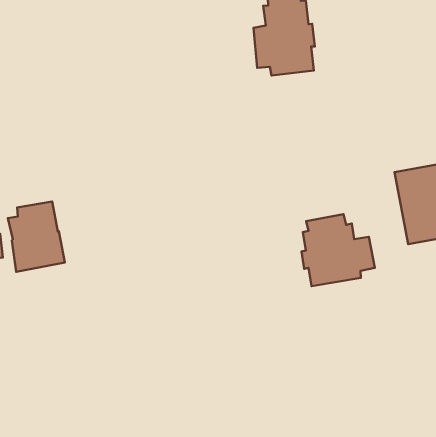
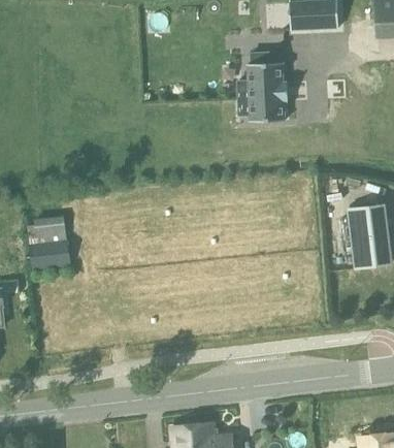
building: [301,214,375,286] -> none

